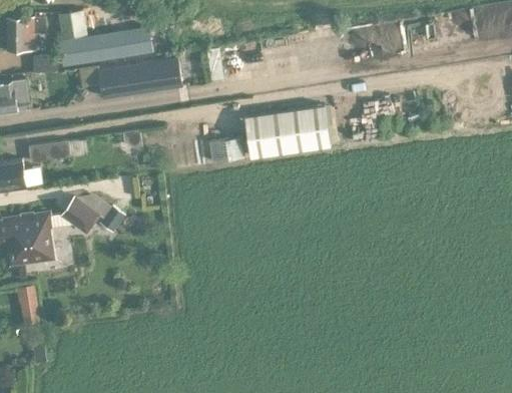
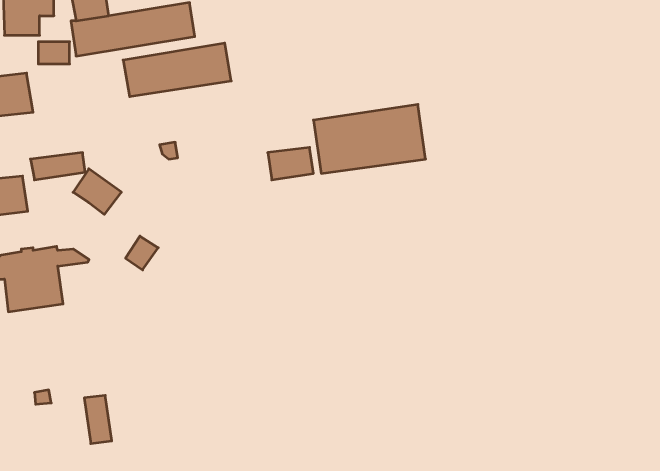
building: [60,198,97,233] -> [73,169,121,214]
building: [15,287,36,324] -> [84,395,112,444]

